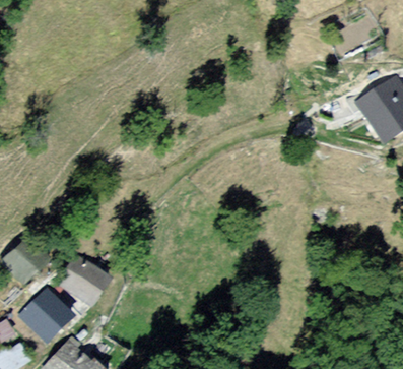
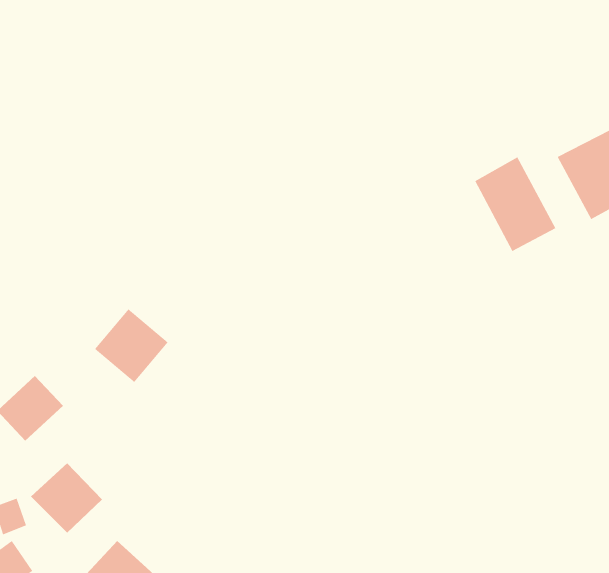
building: none -> [475,156,556,252]
building: [60,258,107,305] -> [94,308,169,383]

